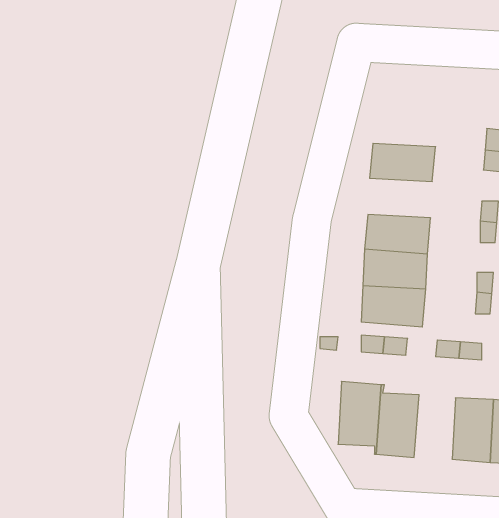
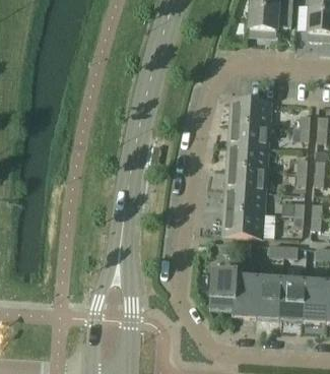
building: none -> [230,99,270,124]
building: none -> [227,143,267,168]
building: none -> [256,276,281,316]

